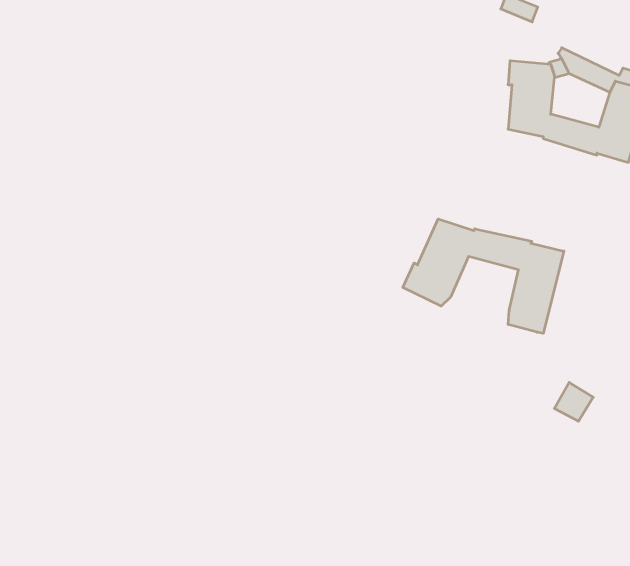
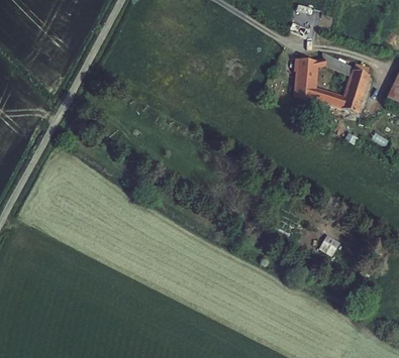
building: [403,219,564,333] -> none

